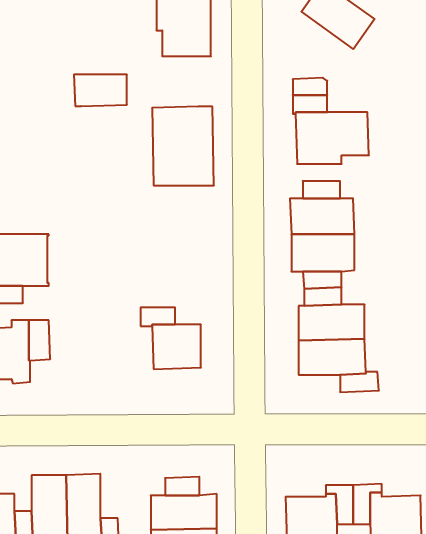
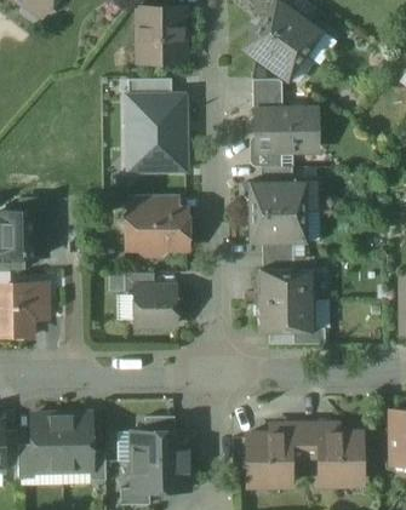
building: none -> [242,24,303,80]
building: [74,75,127,106] -> [127,79,172,105]
building: none -> [126,196,185,254]

